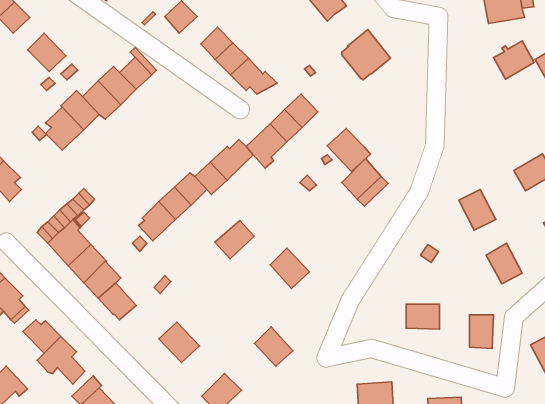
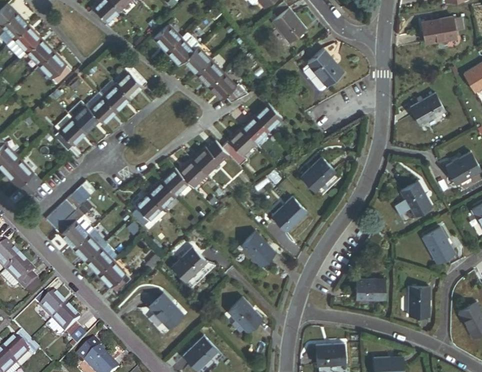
building: none -> [166,32,200,65]
building: none -> [27,39,53,66]
building: [494,41,534,79] -> [410,94,444,126]
building: [327,128,371,171] -> none
building: none -> [273,198,306,231]
building: [215,221,254,259] -> [172,249,205,281]

